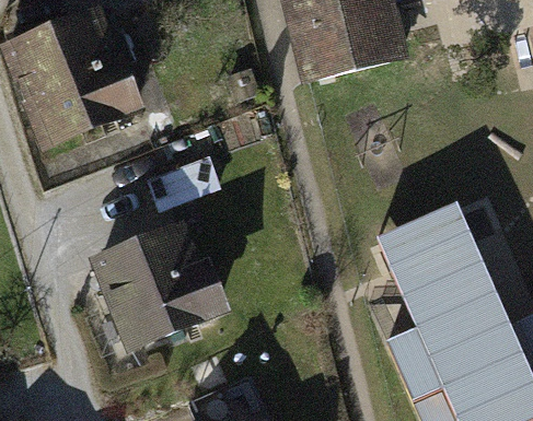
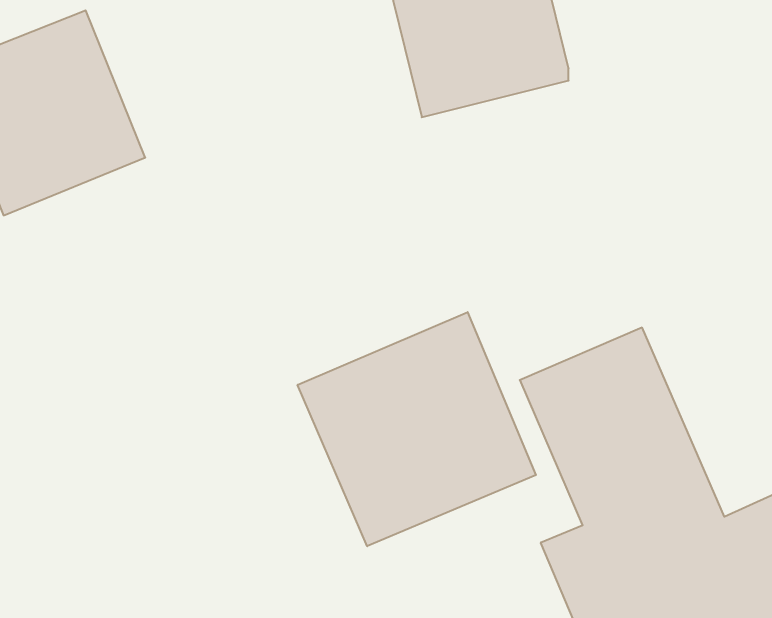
building: none -> [298,312,536,546]
building: [101,225,220,348] -> none

